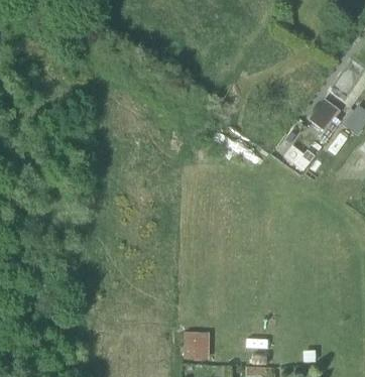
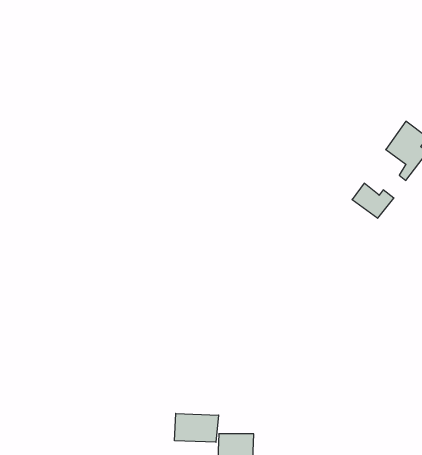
building: none -> [175,413,219,442]

